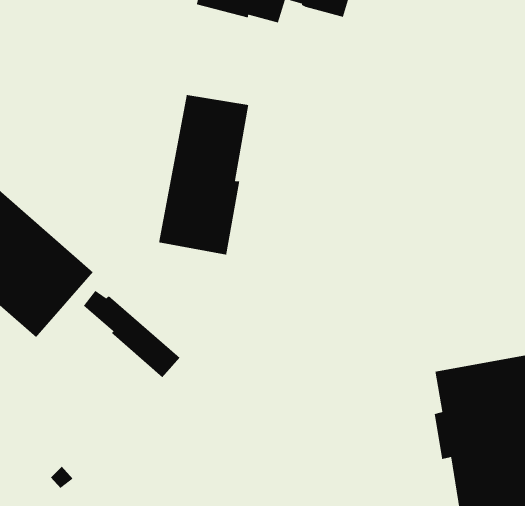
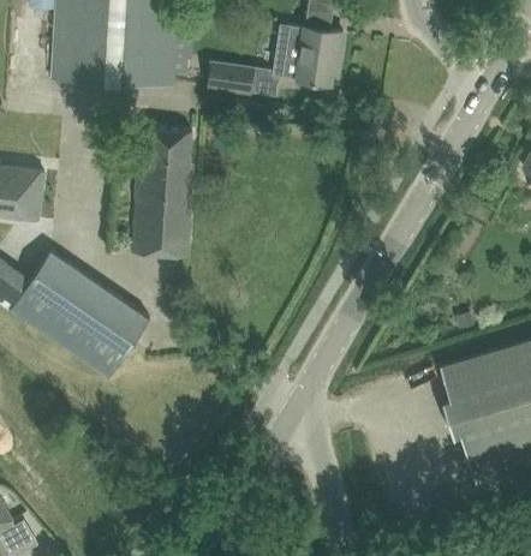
building: [158,94,249,255] -> [130,128,191,257]
building: [83,290,181,378] -> none

